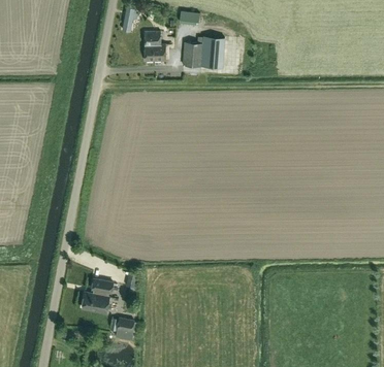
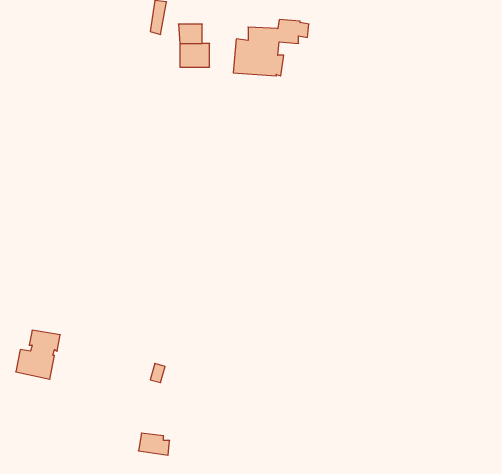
building: [82,278,113,312] -> [16,330,60,379]

